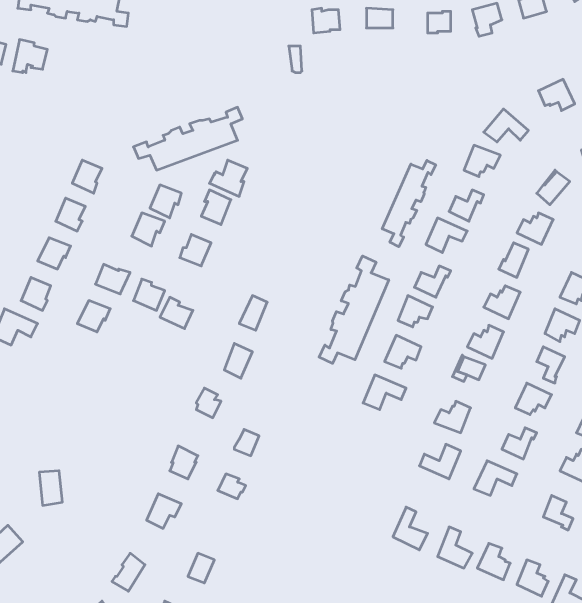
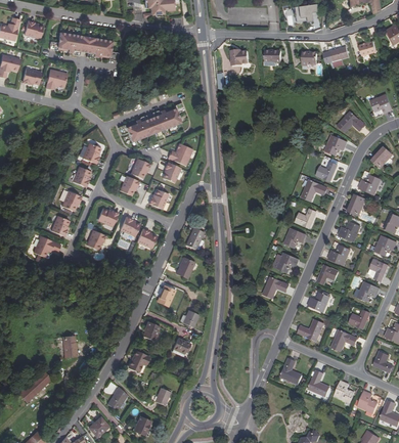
building: [382,160,436,247] -> none
building: [319,256,389,363] -> none

